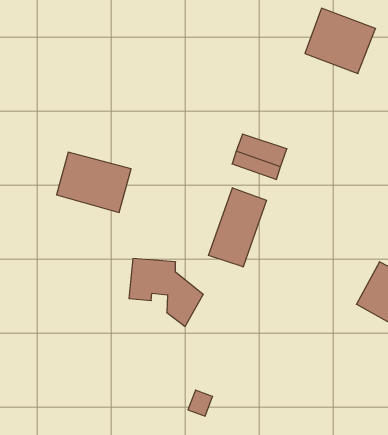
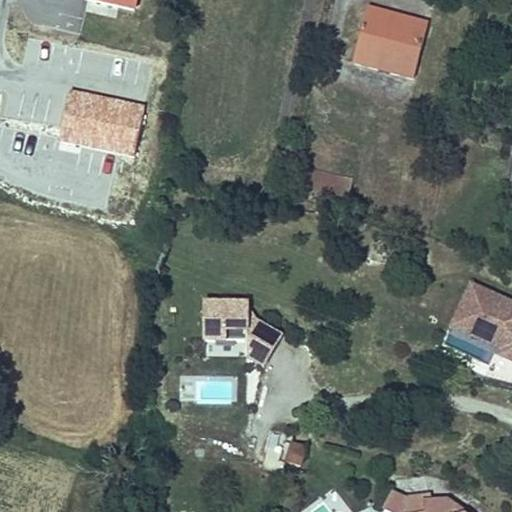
building: [57,152,131,212] -> [63,91,140,150]
building: [209,188,266,267] -> none

